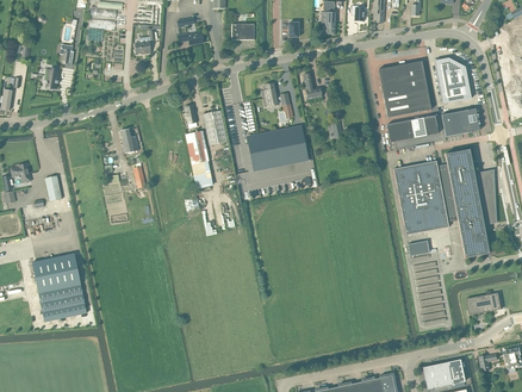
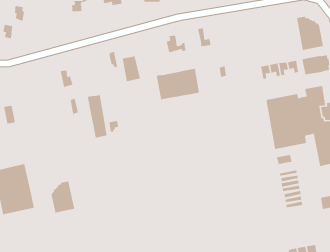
building: [378,61,430,117] -> none
building: [185,130,212,188] -> [87,94,108,138]
building: none -> [51,180,75,213]

